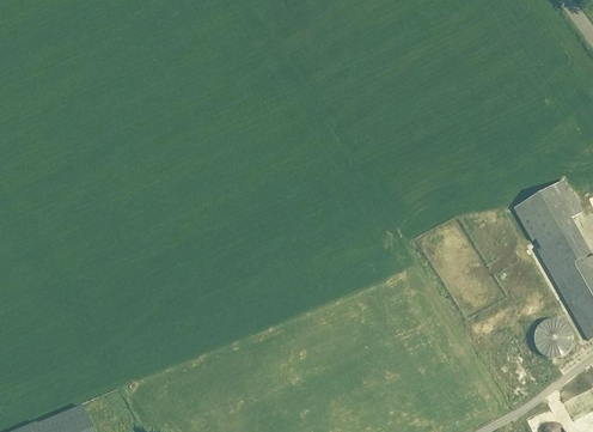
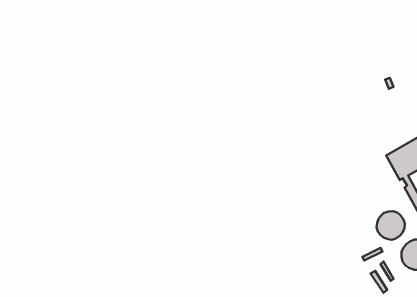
building: none -> [377,211,405,240]

